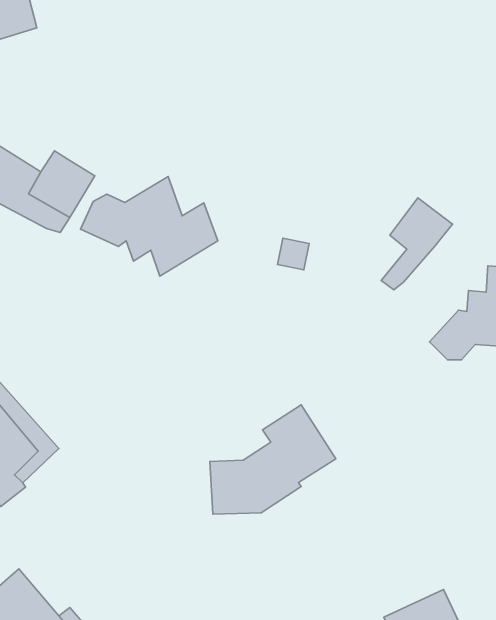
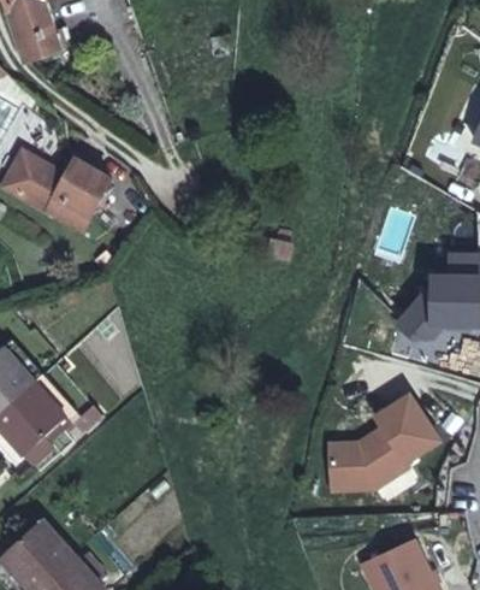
building: [80,176,218,276] -> none
building: [381,198,453,290] -> none
building: [210,405,336,514] -> [328,395,438,490]

